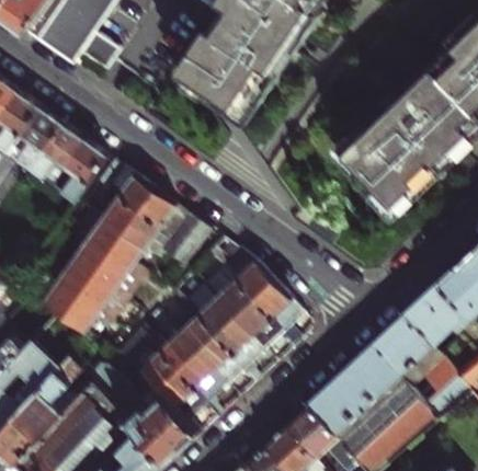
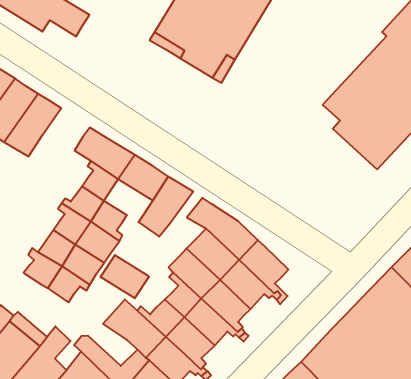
building: [58,139,105,202] -> none
building: [121,212,169,256] -> [100,255,149,298]

